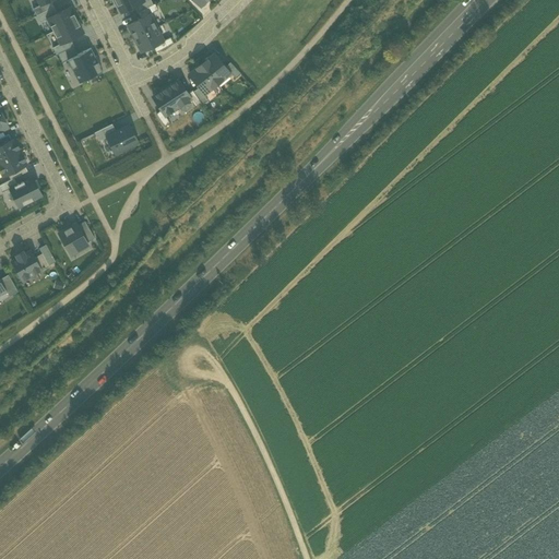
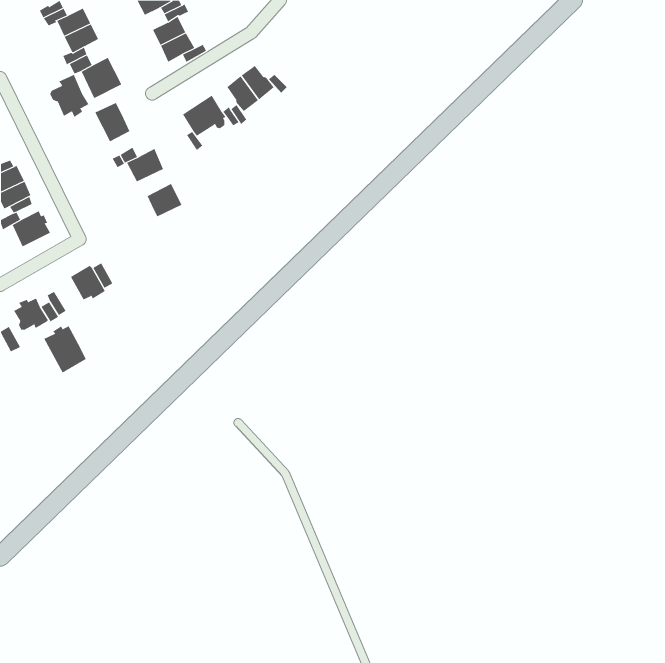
building: none -> [49,73,89,118]
building: none -> [95,102,130,142]
building: none -> [147,183,182,217]
building: none -> [44,325,87,373]

